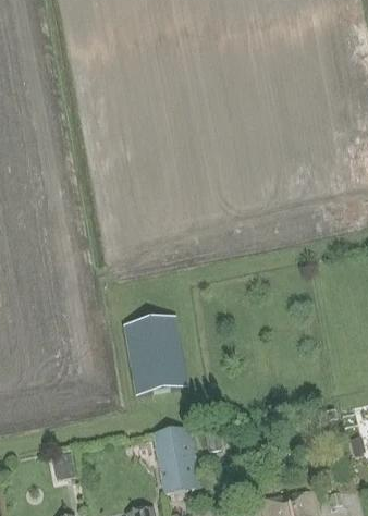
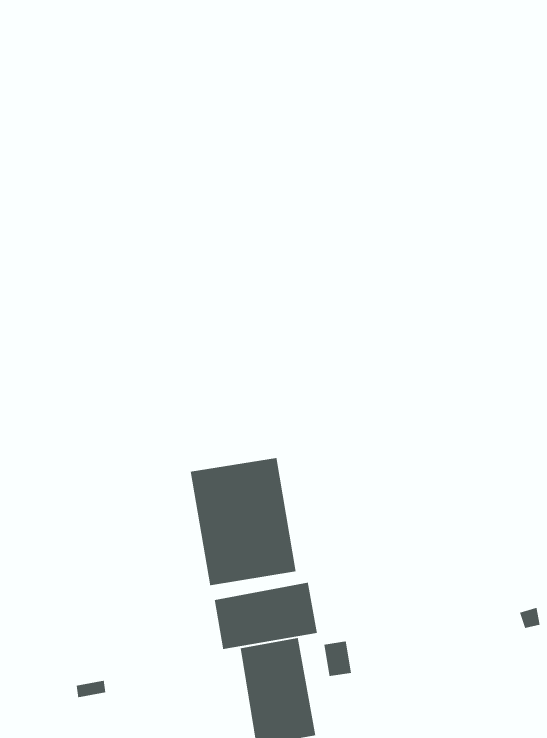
building: none -> [214,582,317,650]

